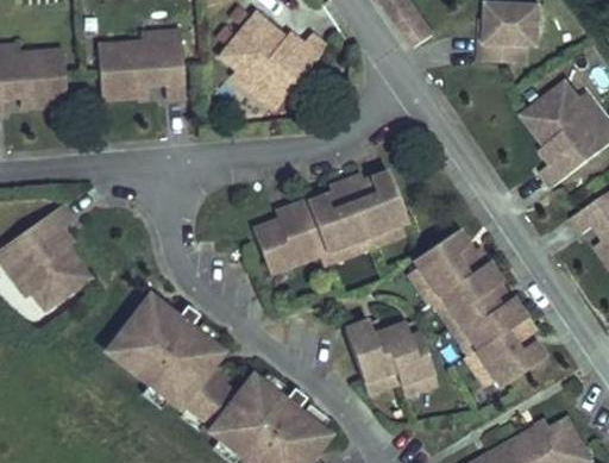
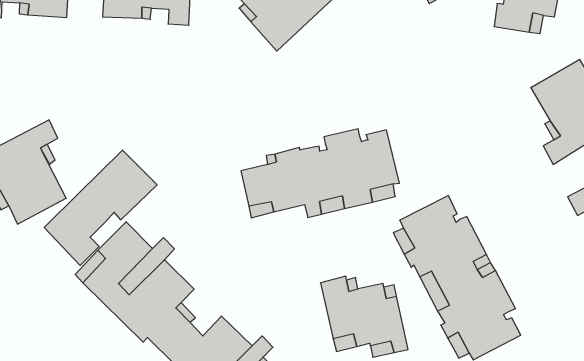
building: none -> [44,150,157,265]

